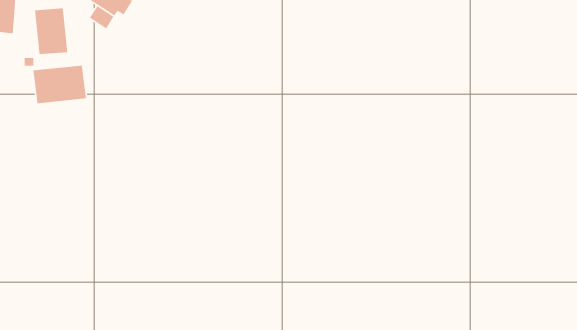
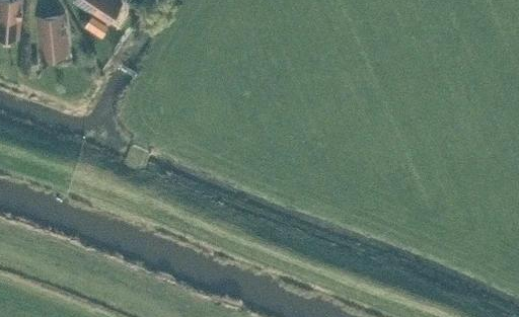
building: [33,65,87,104] -> none

